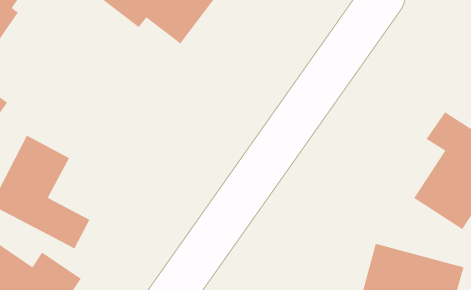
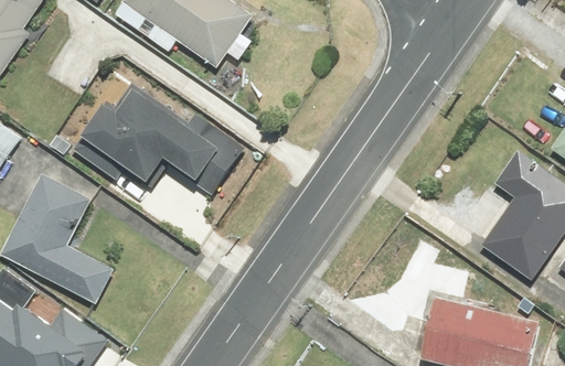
building: none -> [60,83,241,193]

